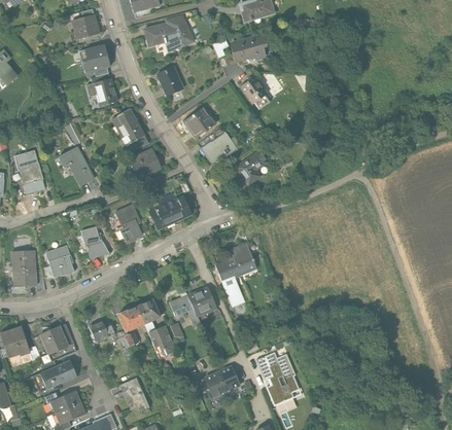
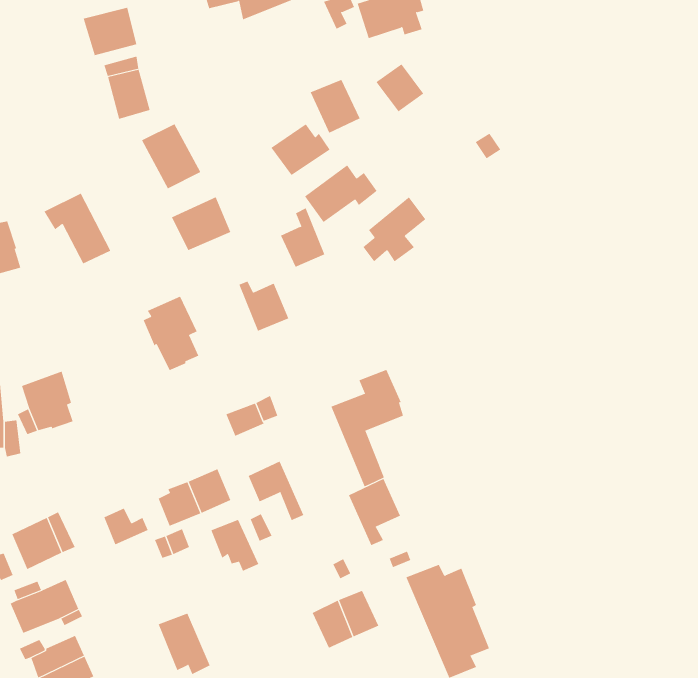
building: [155,66,183,96] -> [310,79,361,134]
building: [149,198,174,230] -> [280,208,325,268]
building: [80,225,108,259] -> none
building: [187,287,216,324] -> [348,478,401,546]

